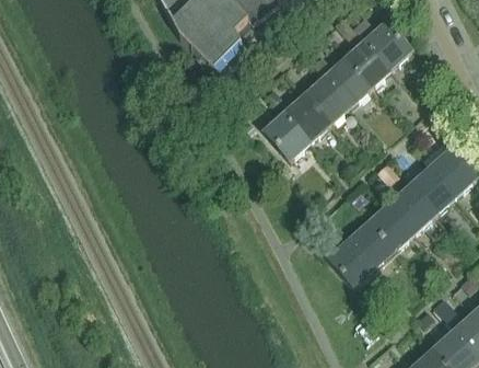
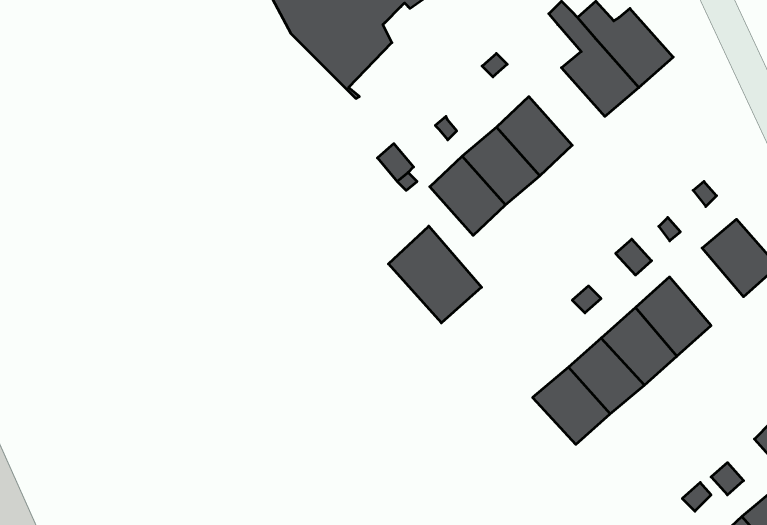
building: [316,53,371,105] -> none
building: none -> [388,226,482,323]
building: [410,168,455,215] -> none

